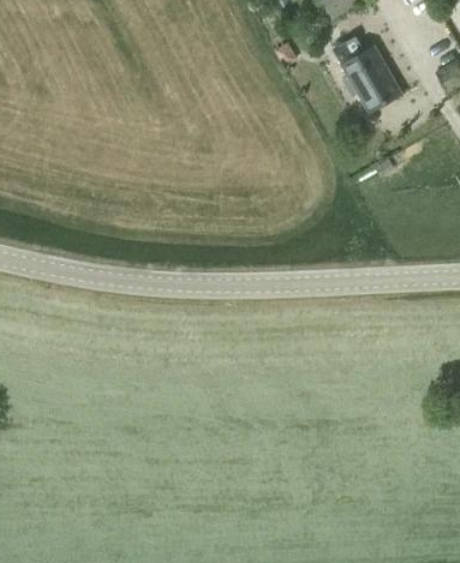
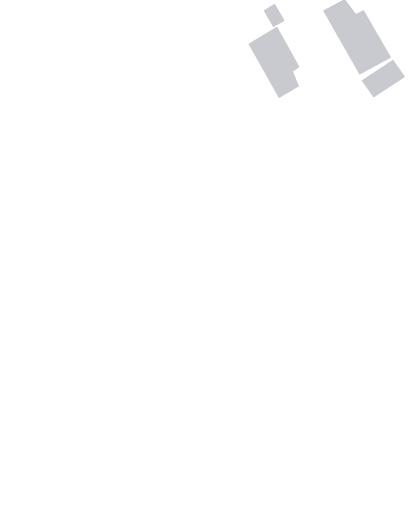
building: none -> [247,26,300,99]

